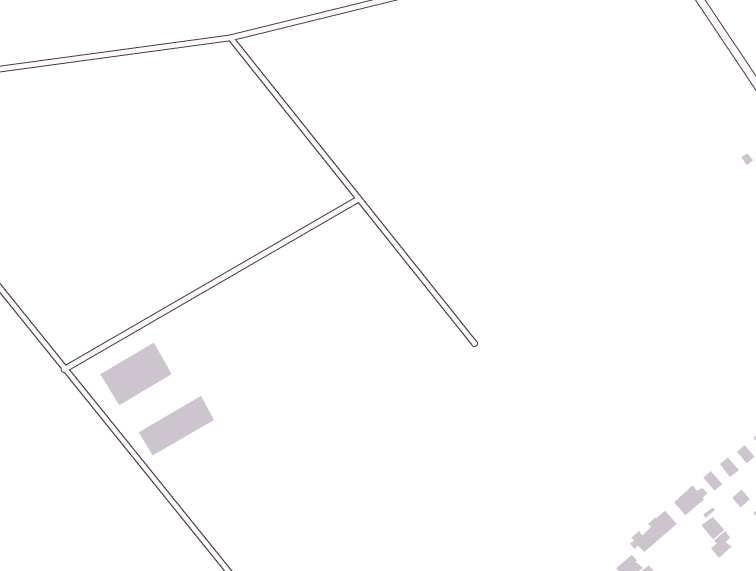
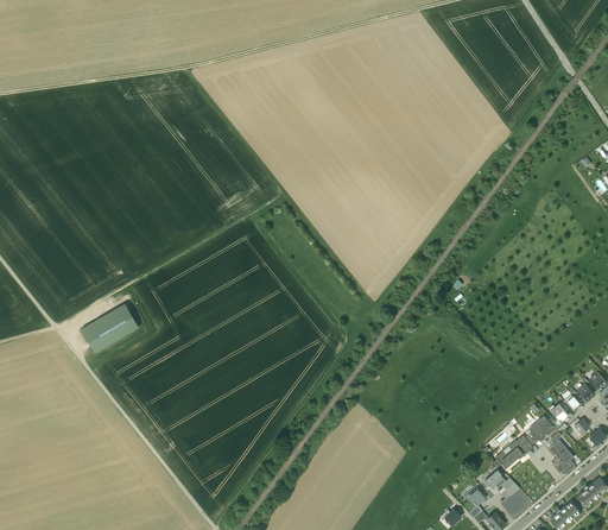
building: [138,395,215,456] -> none

